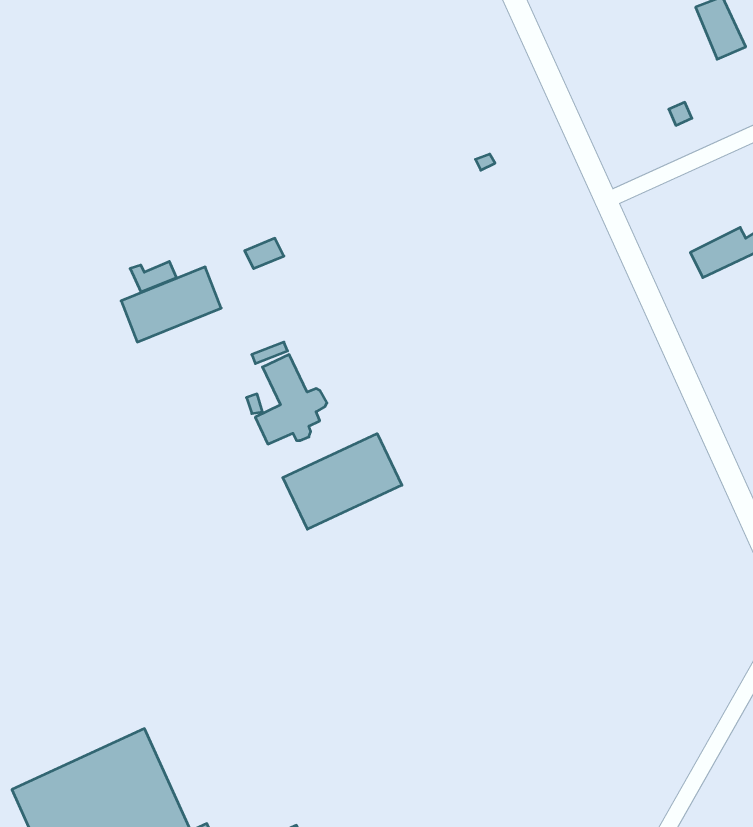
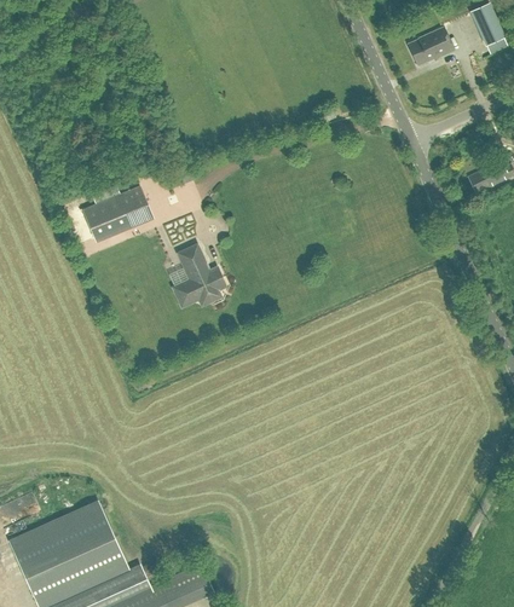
building: none -> [409,28,455,67]
building: [283,434,402,529] -> none

